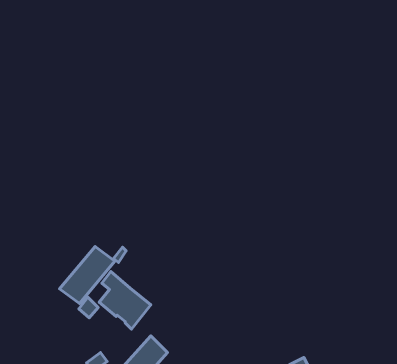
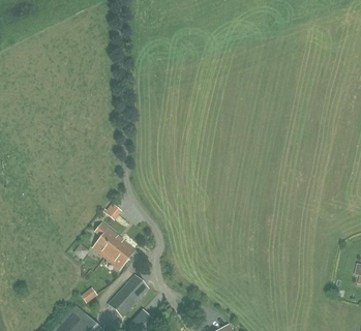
building: [60,246,115,304] -> none

